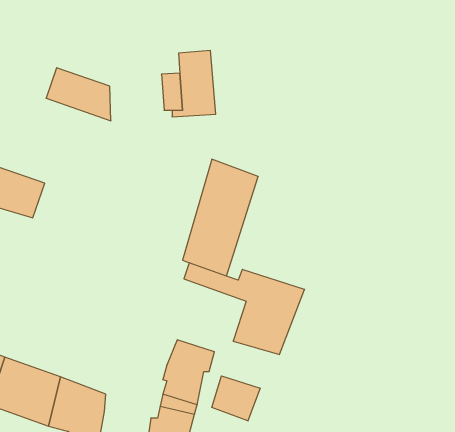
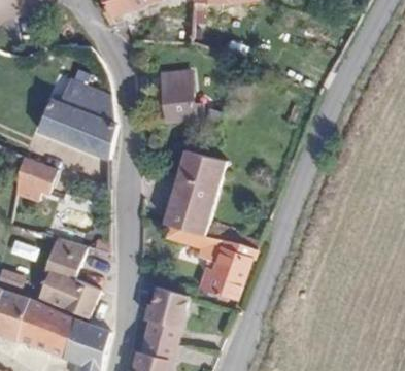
building: none -> [35,99,110,156]
building: none -> [37,235,96,313]
building: [212,376,260,421] -> none

